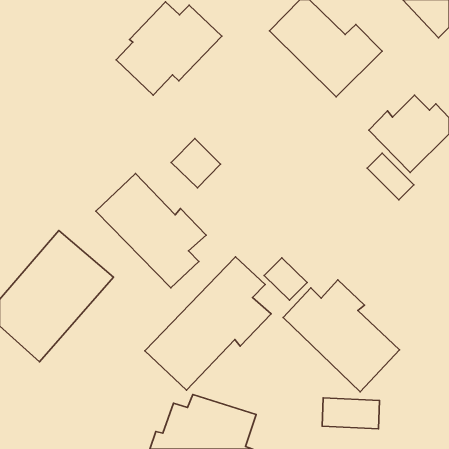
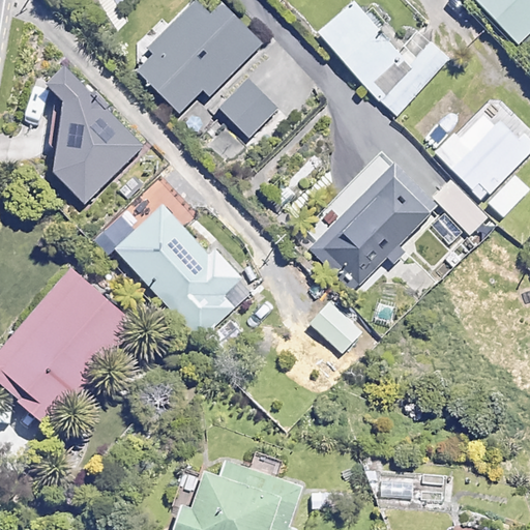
building: none -> [47,68,144,204]
building: none -> [298,151,435,290]
building: [171,139,220,188] -> [219,79,277,137]
building: [145,257,271,390] -> none
building: [283,280,399,392] -> none

